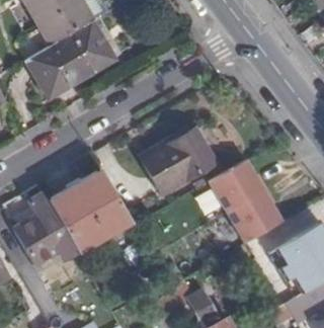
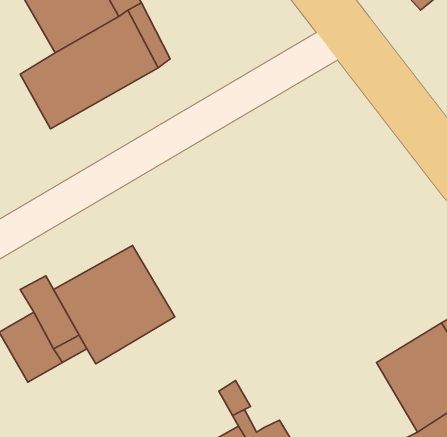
building: [141,130,215,194] -> none
building: [209,161,281,244] -> none

